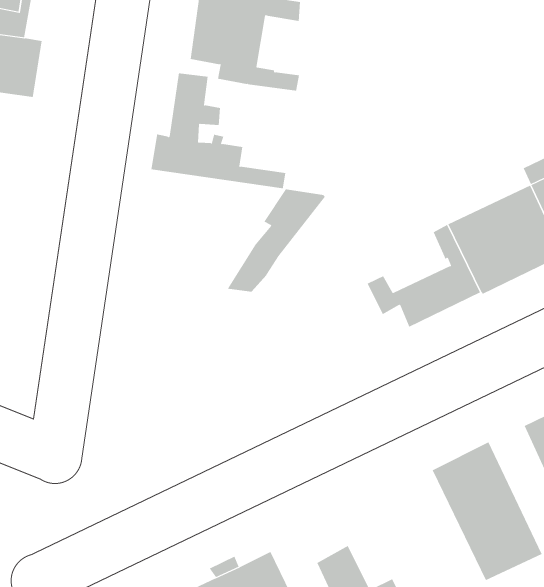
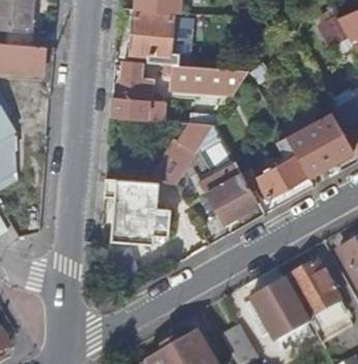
building: none -> [163,63,248,92]
building: none -> [183,161,258,221]
building: none -> [106,178,170,243]
building: none -> [248,281,306,341]

